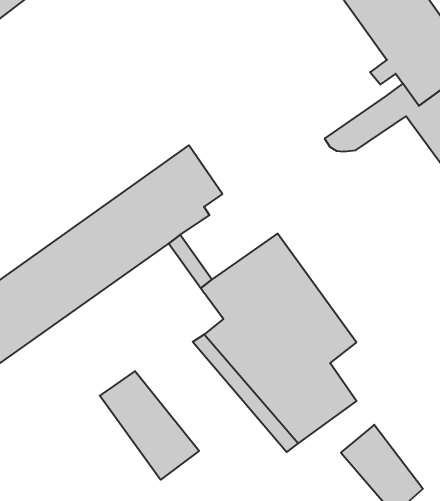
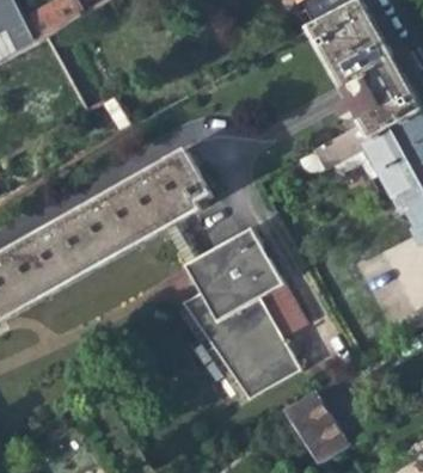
building: [100,371,199,480] -> none

